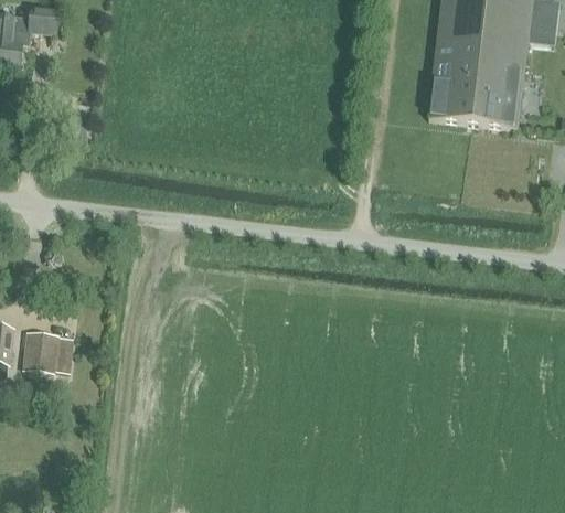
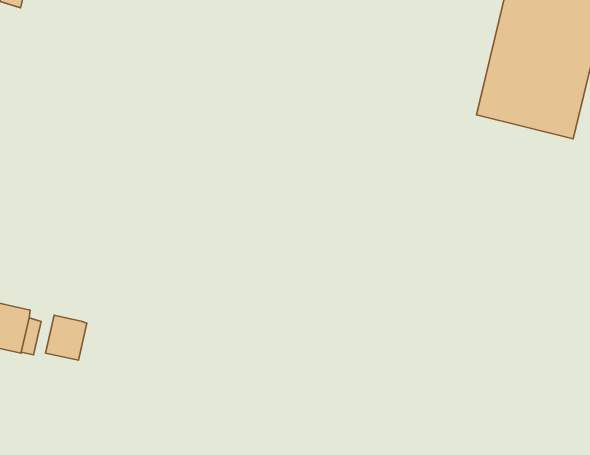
building: none -> [45,315,87,360]

